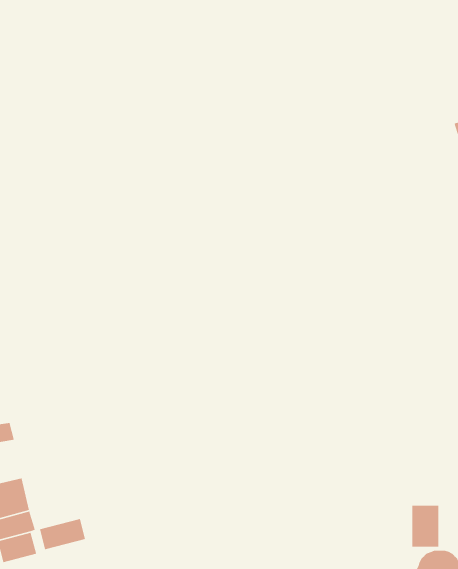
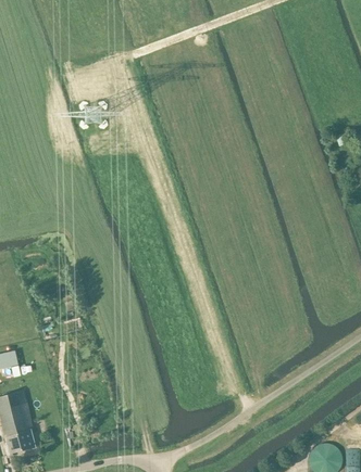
building: [412,505,439,547] -> none
building: [39,518,86,550] -> none

